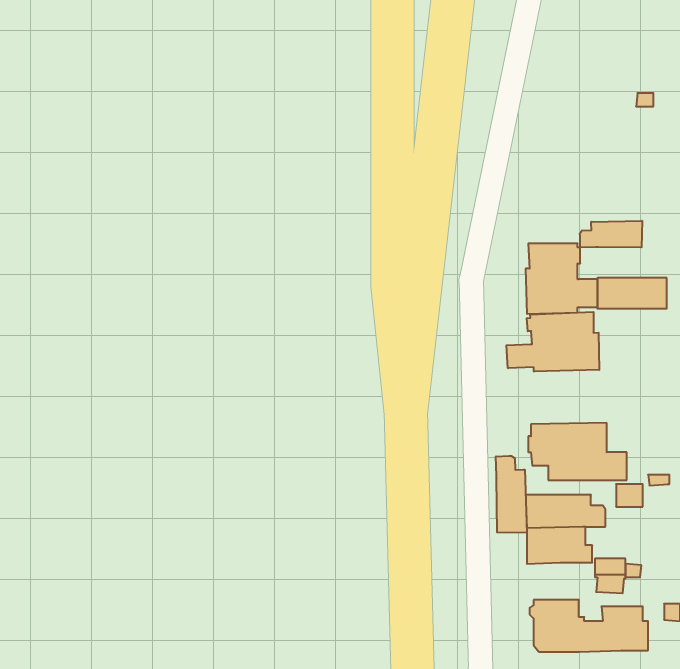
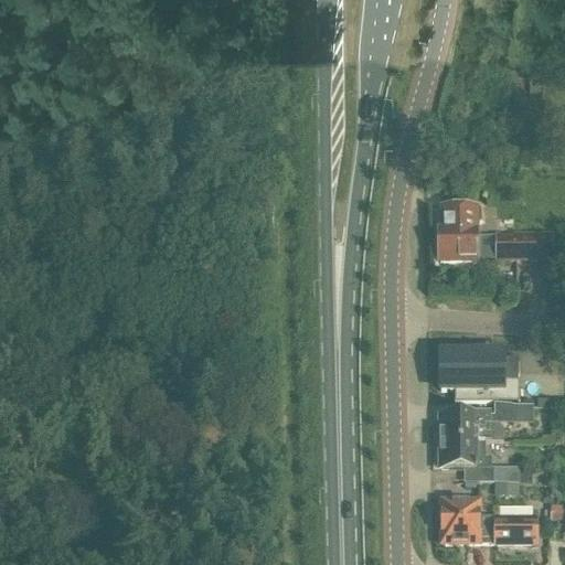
building: [580,221,642,247] -> none
building: [506,312,599,372] -> none
building: [496,456,527,533] -> none

